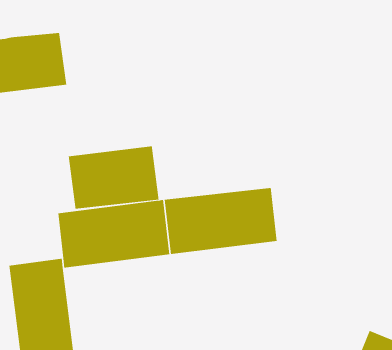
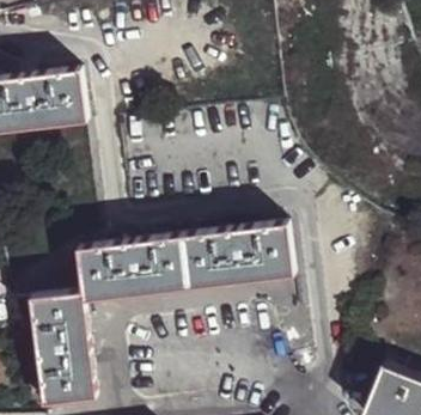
building: [68,145,159,210] -> none

